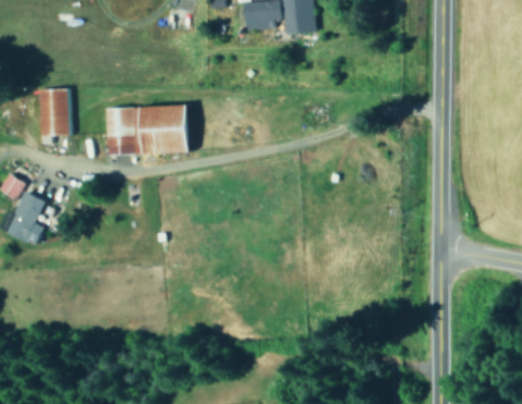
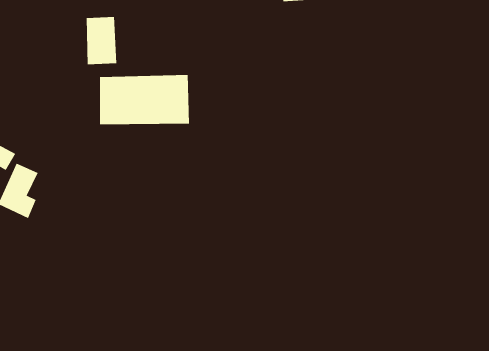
building: [39,88,70,135] -> [86,17,117,65]

